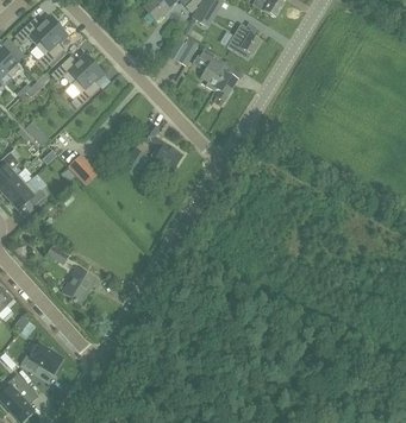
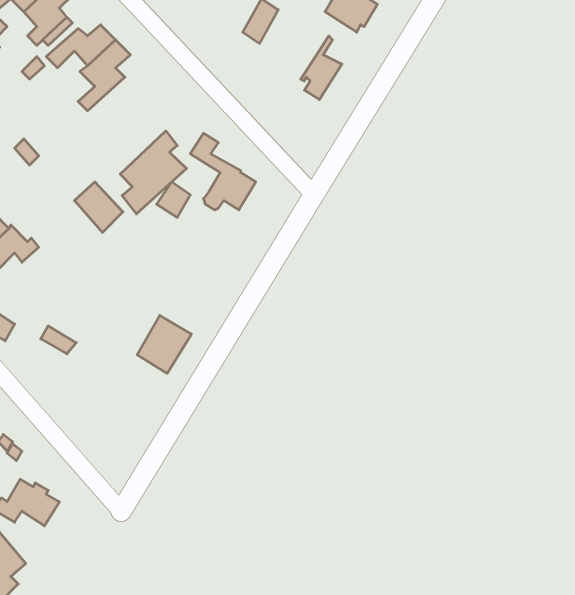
building: [199,48,230,88] -> none
building: none -> [120,131,187,214]
building: [62,266,96,303] -> [137,315,191,373]

